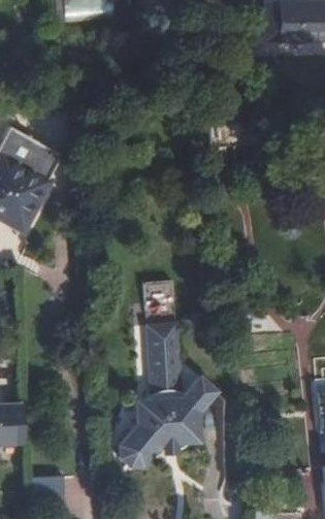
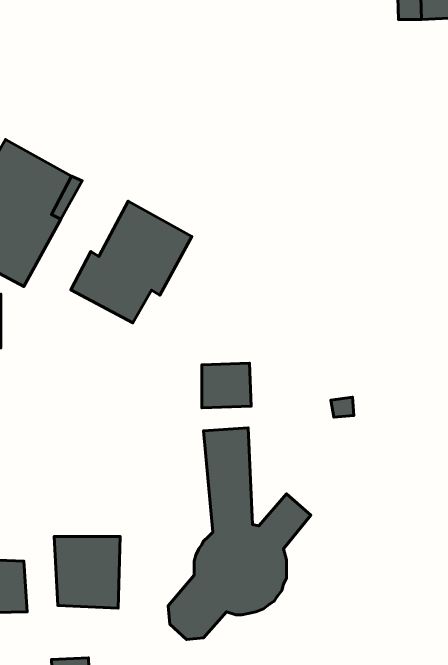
building: none -> [71,201,192,323]
building: none -> [54,537,120,608]

